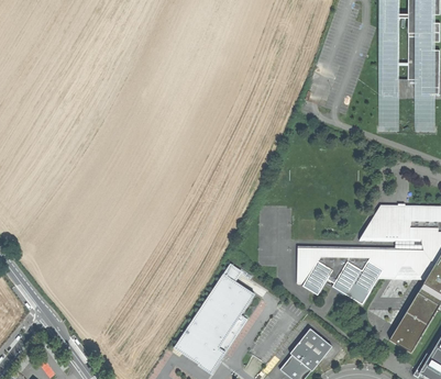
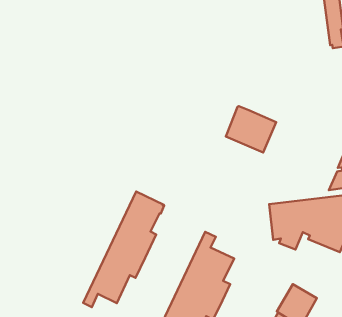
building: none -> [226,106,276,153]
building: none -> [83,191,164,307]

